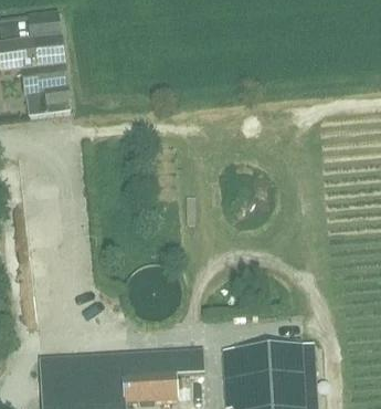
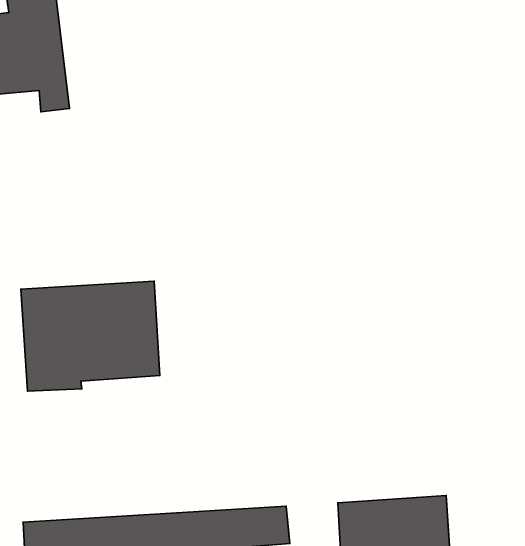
building: none -> [21,281,160,391]

